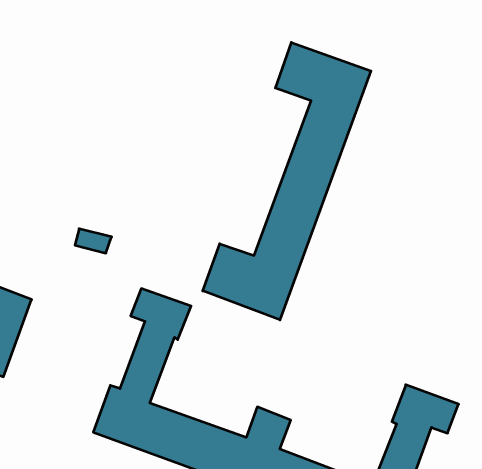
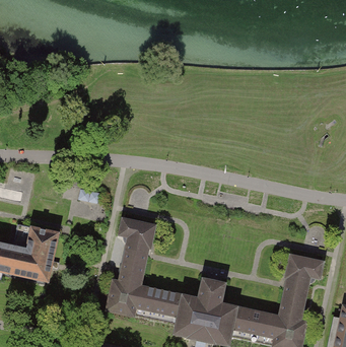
building: [203,42,371,320] -> none

